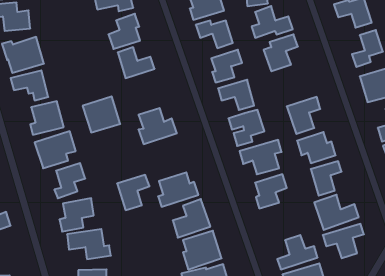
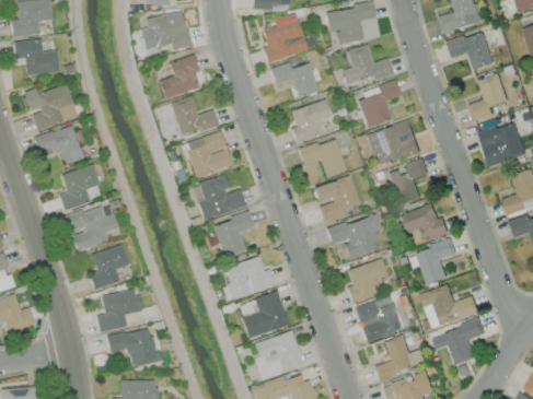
building: none -> [366,119,420,166]
building: [83,96,120,132] -> [184,130,232,176]
building: [117,175,150,210] -> [212,212,254,257]
building: none -> [354,295,403,336]

